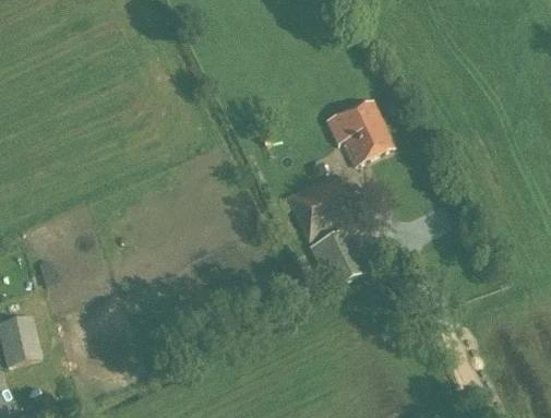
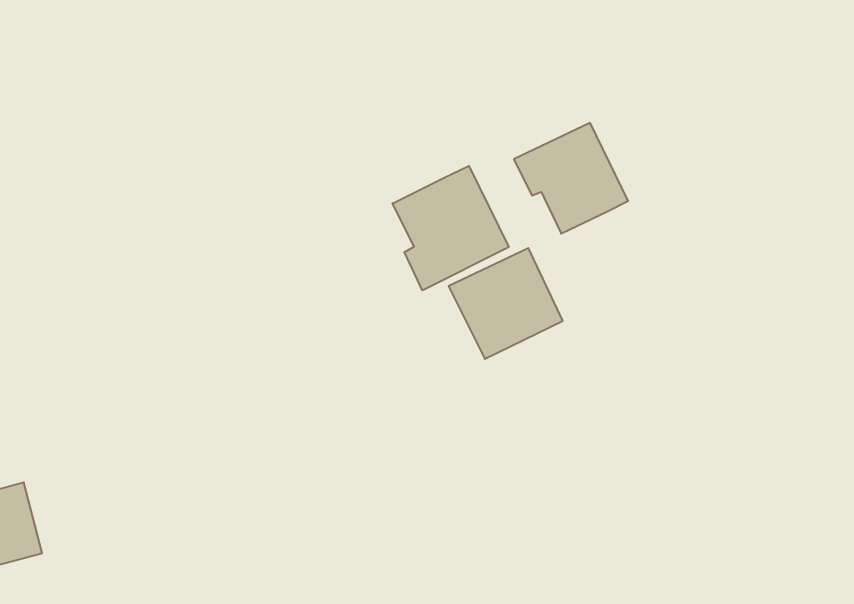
building: none -> [392,166,509,290]
building: [315,225,362,279] -> none

